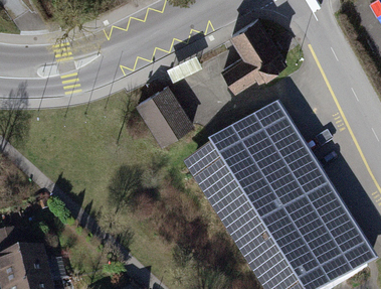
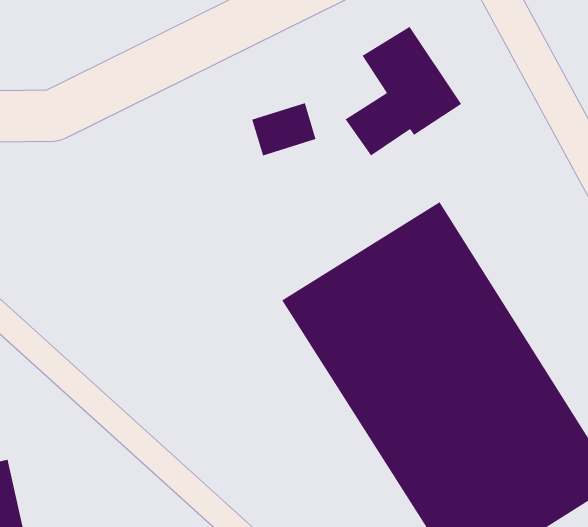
building: [138,82,193,140] -> none

